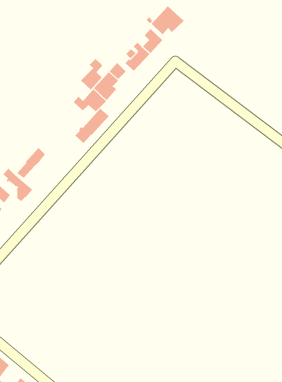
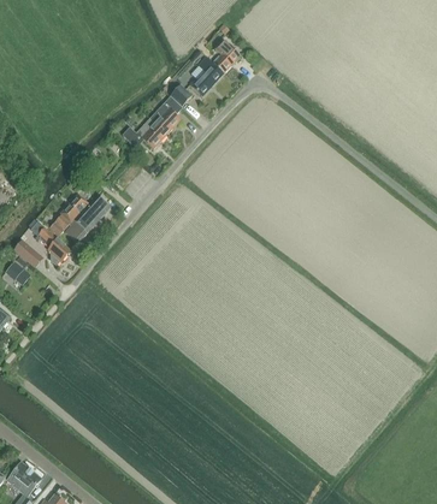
building: [151,5,184,35] -> none
building: [80,58,103,91] -> none
building: [74,108,109,144] -> [65,196,111,243]

